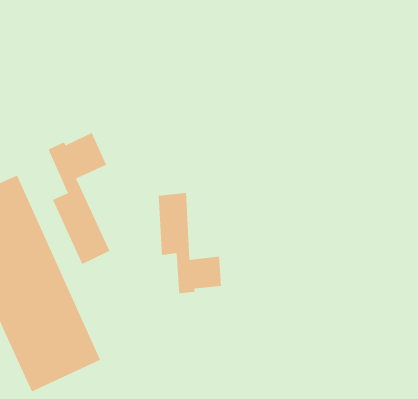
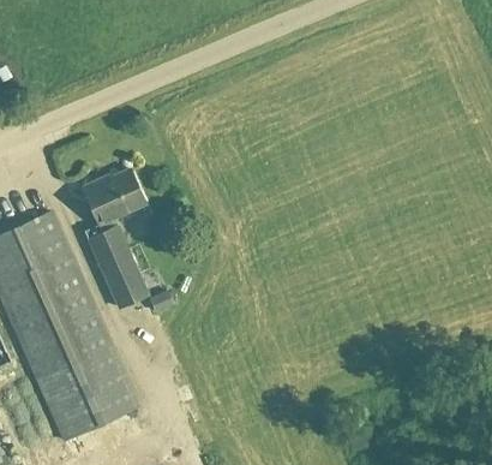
building: [158,192,222,294] -> none

